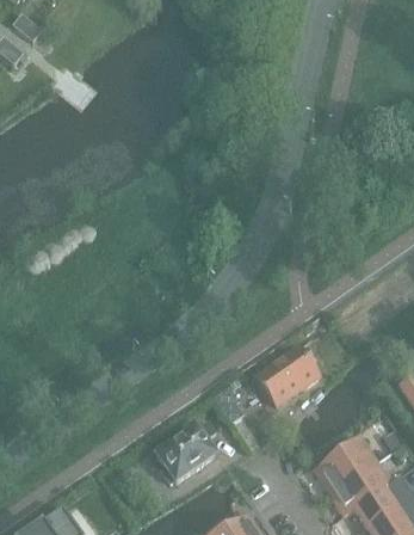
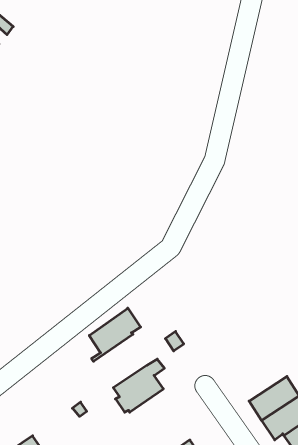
building: [255,345,317,404] -> none
building: none -> [89,308,141,361]

